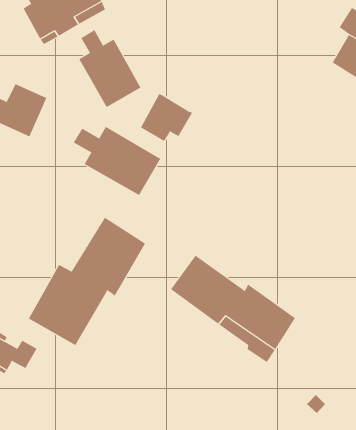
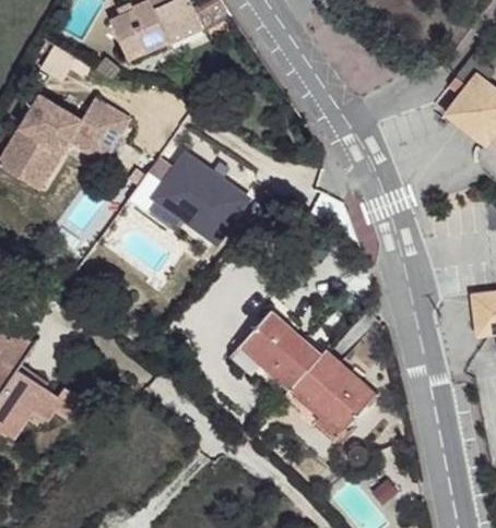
building: [78,29,141,108] -> none
building: [140,93,193,142] -> none
building: [28,217,146,346] -> none

